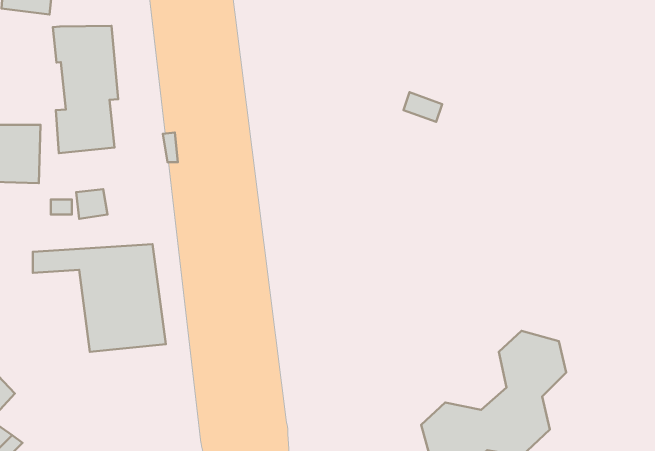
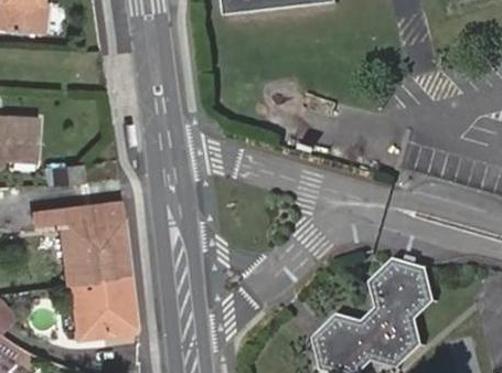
building: [53,26,118,153] -> none
building: none -> [75,278,138,337]

